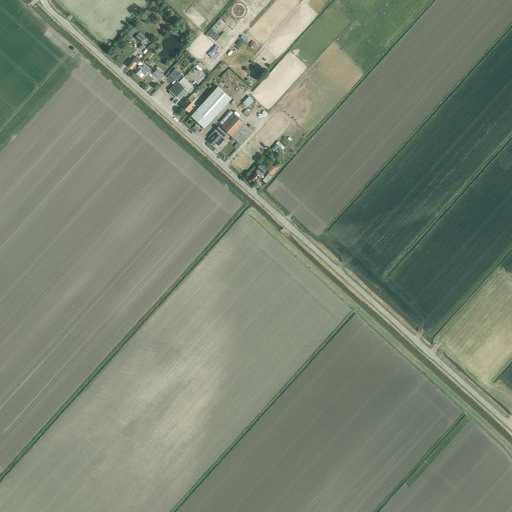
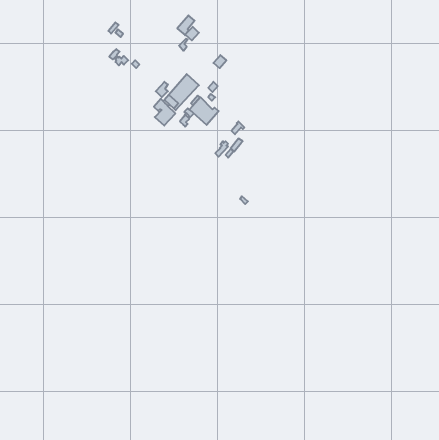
building: [167,69,192,100] -> [154,99,175,126]

